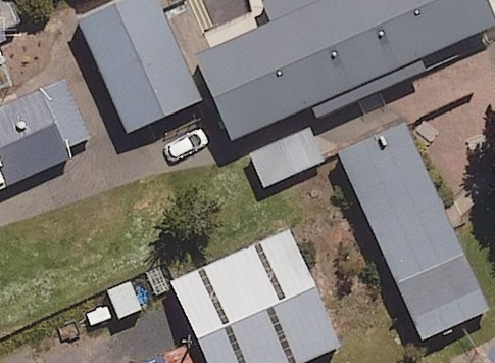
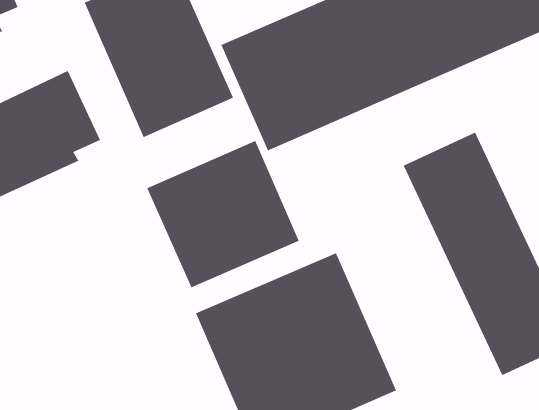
building: none -> [147,140,300,288]

